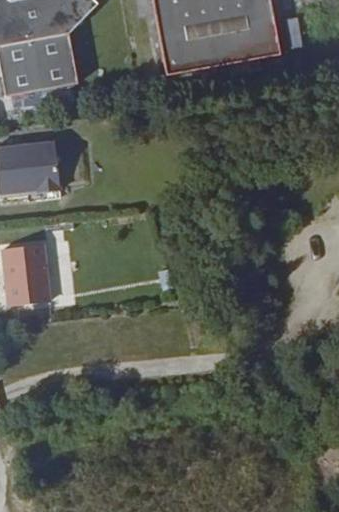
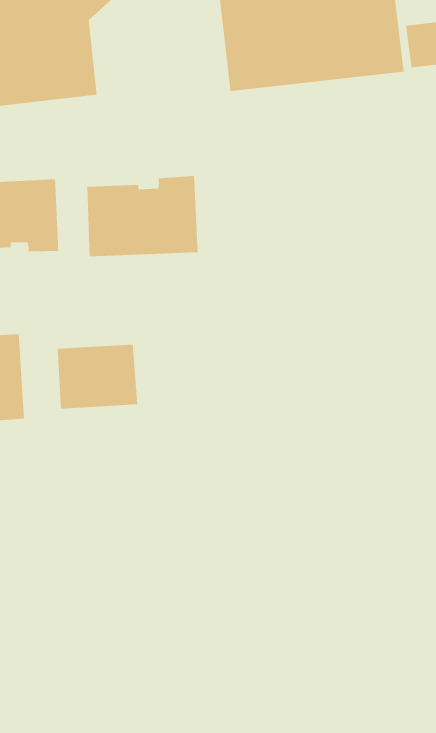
building: none -> [87,175,199,257]
building: none -> [57,344,138,410]

